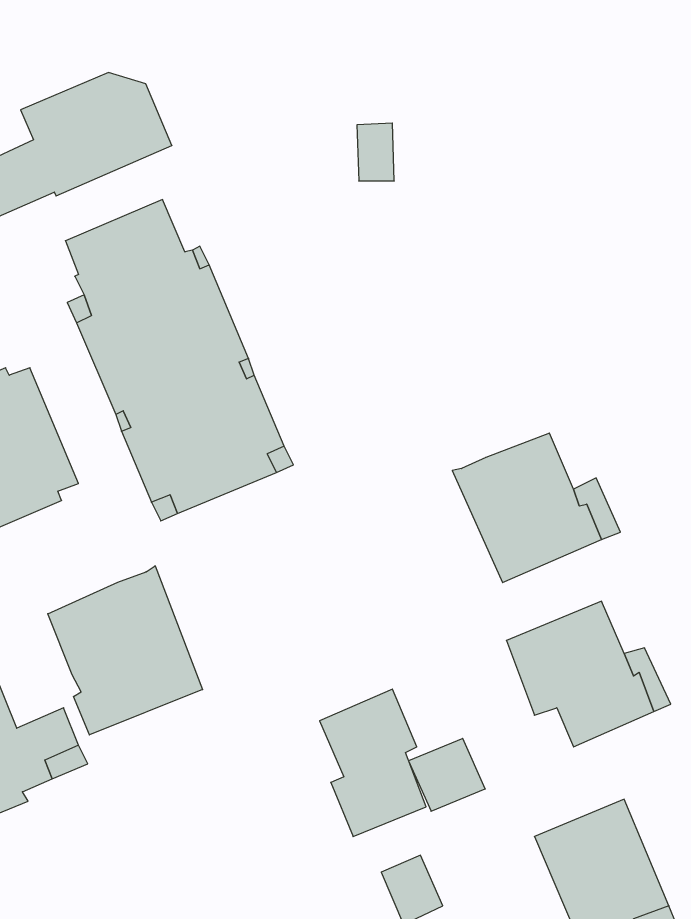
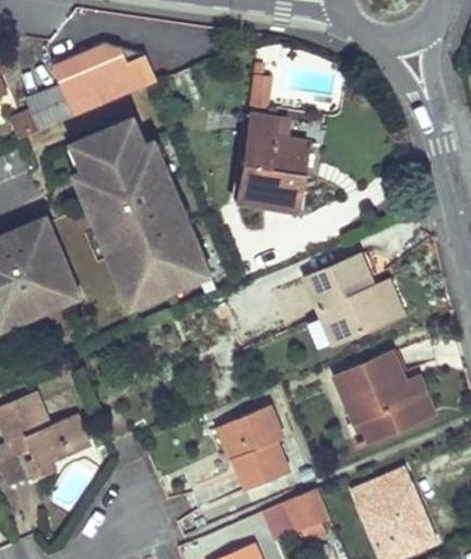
building: none -> [233,116,303,211]
building: [48,566,203,735] -> none
building: [409,738,485,811] -> [285,489,330,532]

